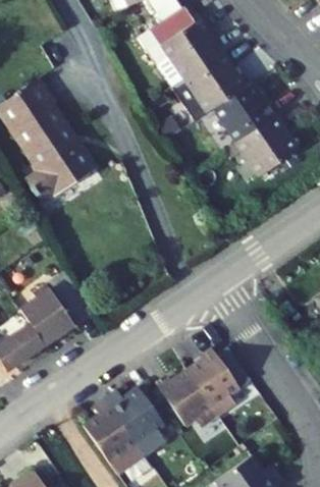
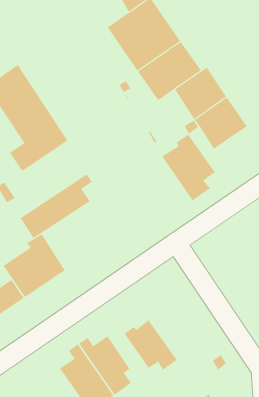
building: none -> [161,134,215,201]
building: none -> [20,173,92,239]
building: [185,348,239,416] -> none

